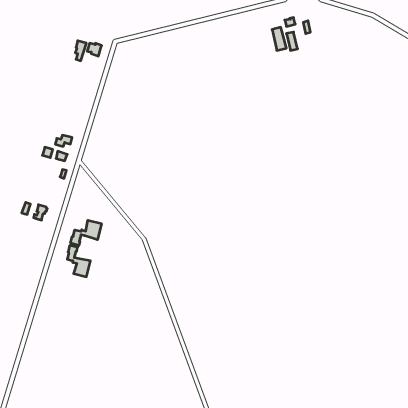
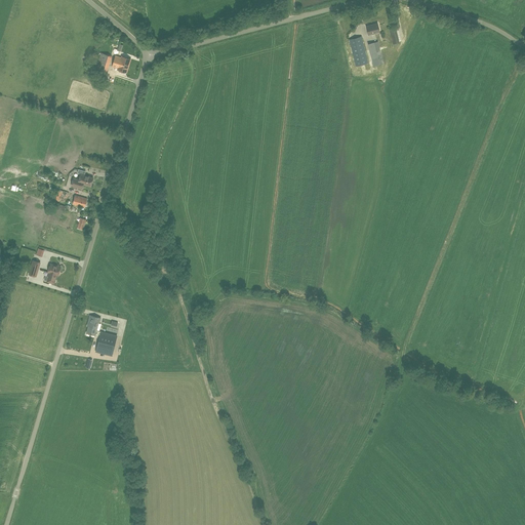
building: [71,220,101,246] -> none

